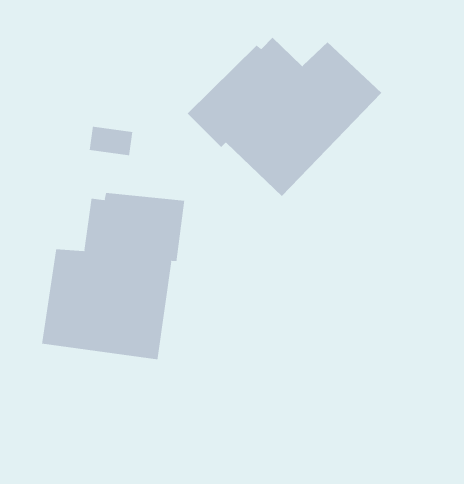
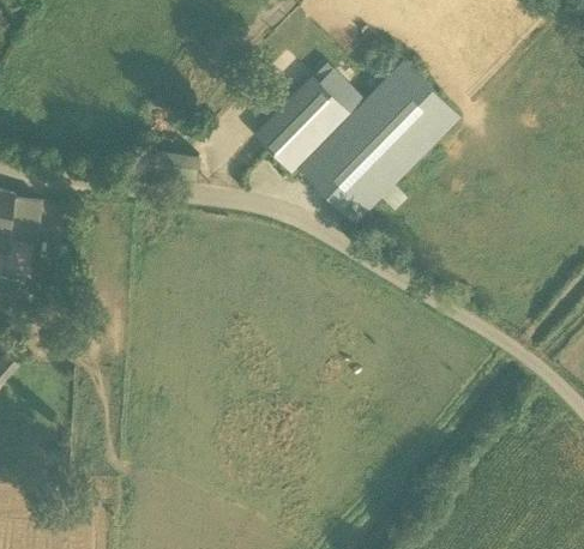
building: [41,192,185,360] -> none

